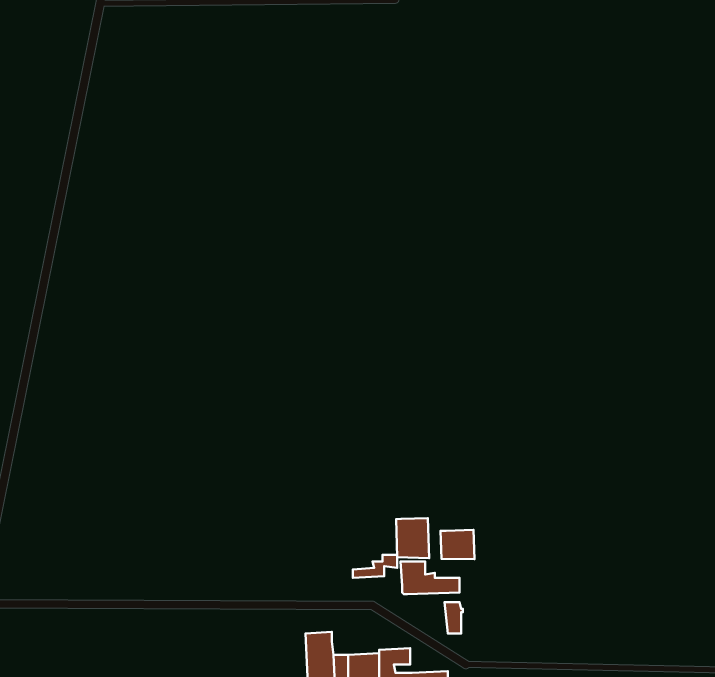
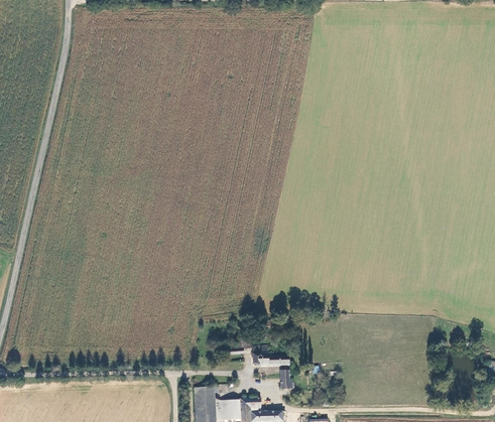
building: [396,518,429,558] -> none
building: [441,530,475,559] -> none

